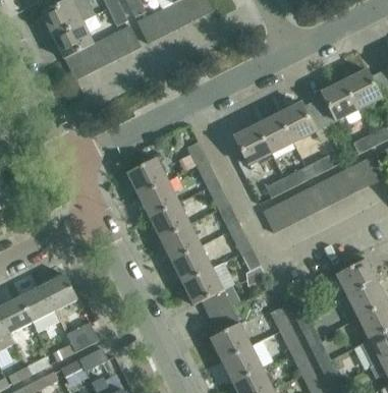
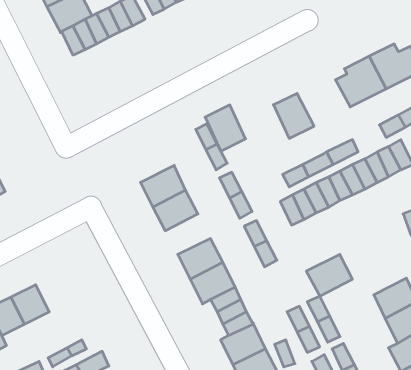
building: [278,101,326,143] -> none
building: [234,123,271,165] -> [205,105,246,151]
building: [125,156,167,193] -> none
building: [159,222,200,259] -> none
building: [335,258,377,295] -> [306,254,352,296]
building: [42,275,77,311] -> none

